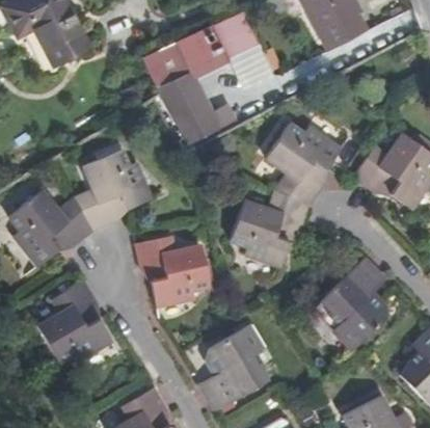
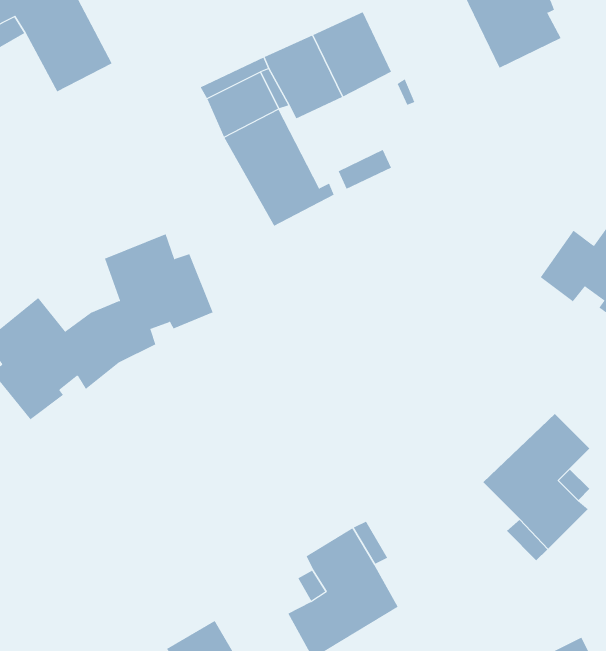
building: [230,124,340,267] -> none
building: [136,237,208,306] -> none
building: [37,282,111,363] -> none

